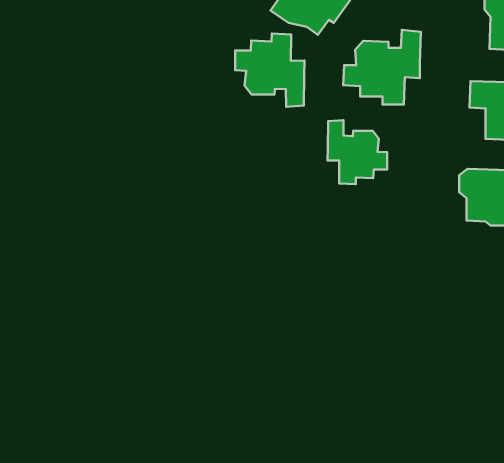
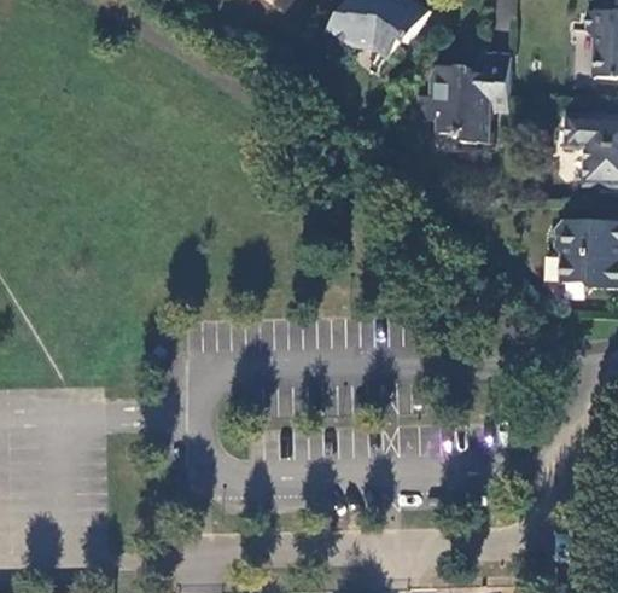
building: [235,34,305,107] -> none
building: [327,120,387,184] -> none

